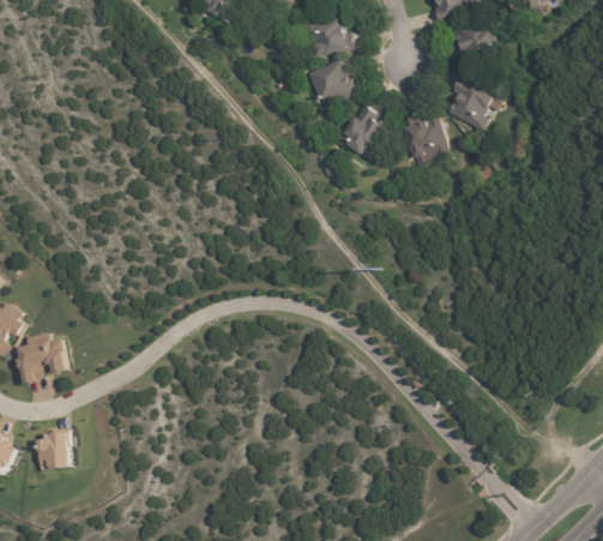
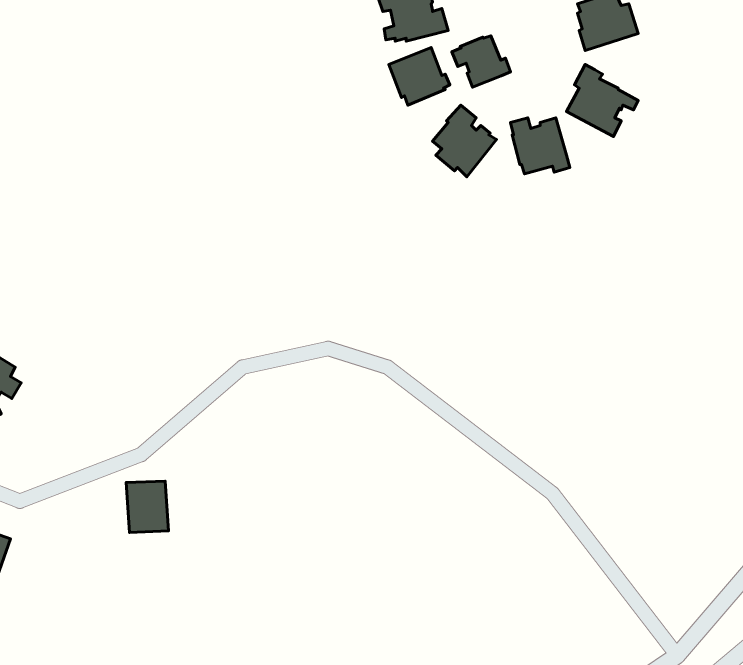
building: none -> [452,36,511,87]
building: [16,327,67,377] -> none
building: [38,426,71,465] -> [126,481,168,533]

